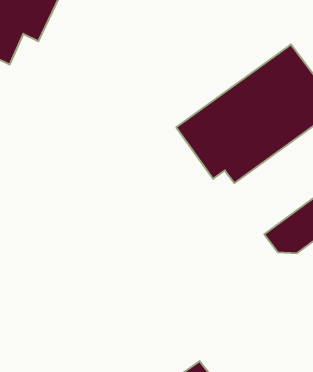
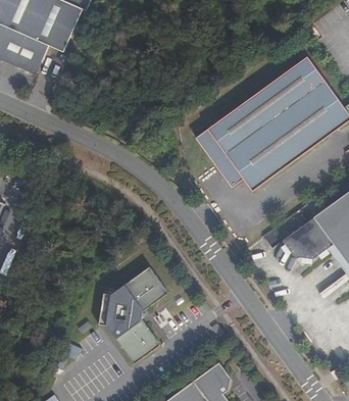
building: none -> [99,265,168,362]

